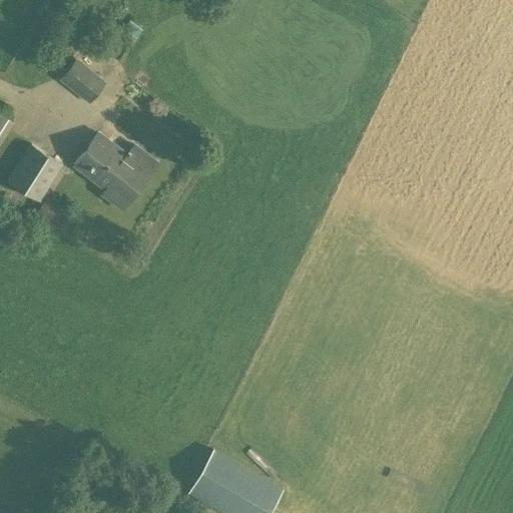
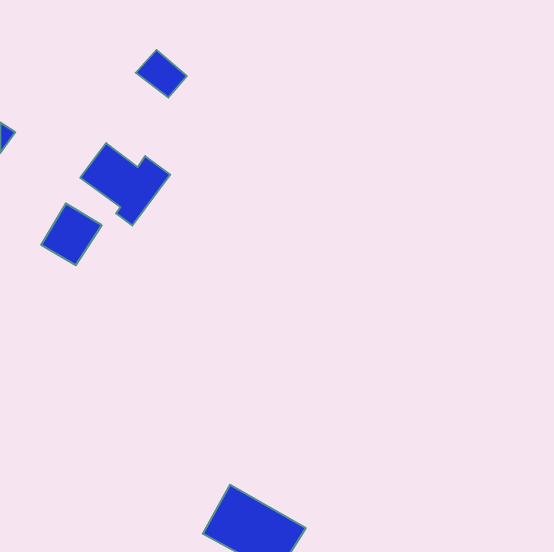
building: [58,60,105,104] -> [136,50,187,98]
building: [7,145,63,202] -> [41,203,102,265]

